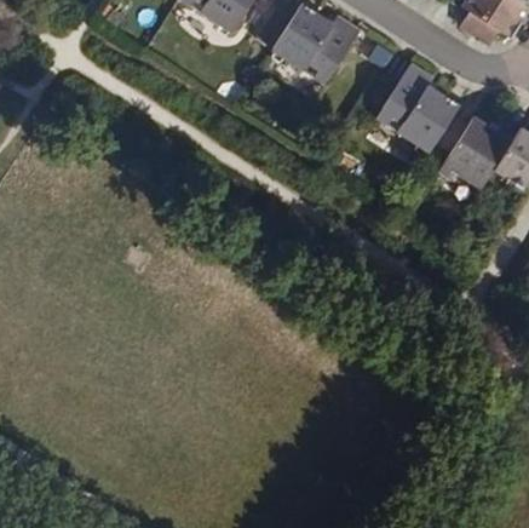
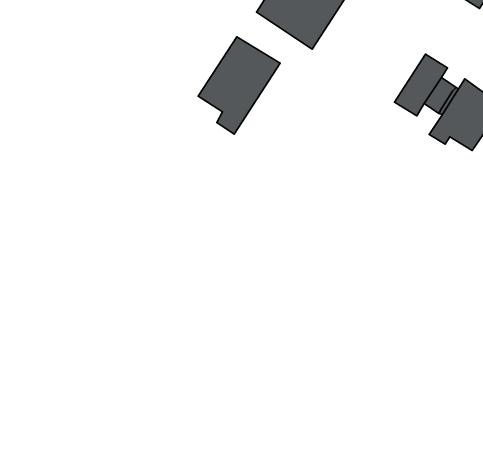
building: [375,63,437,137] -> none
building: none -> [198,37,280,134]

